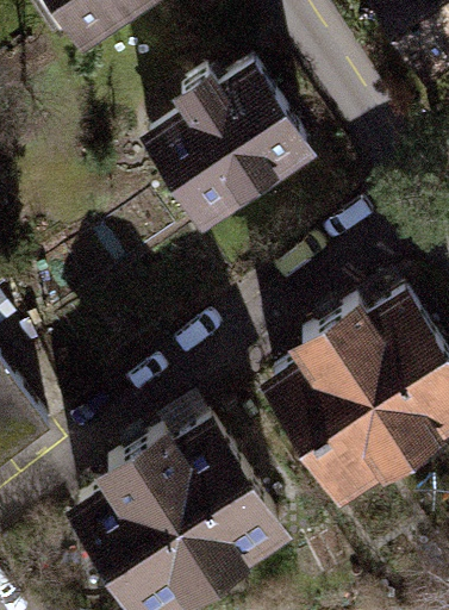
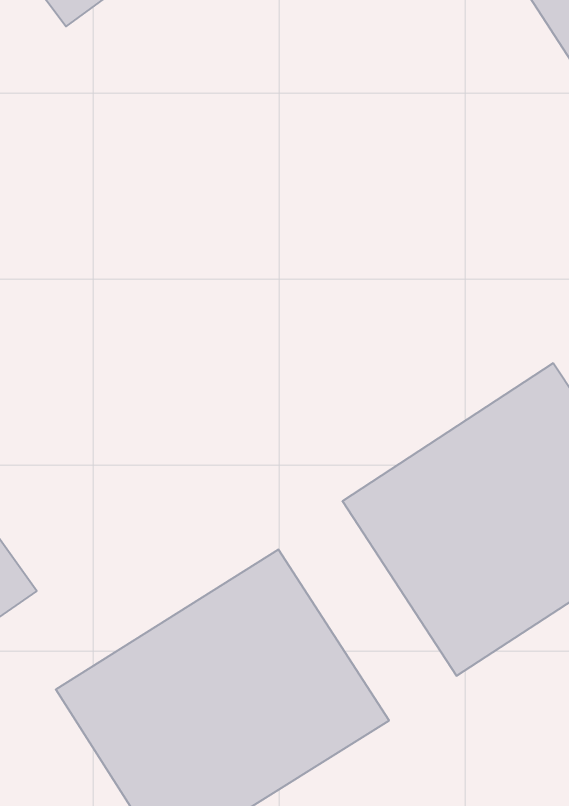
building: [133,57,322,235] -> none

